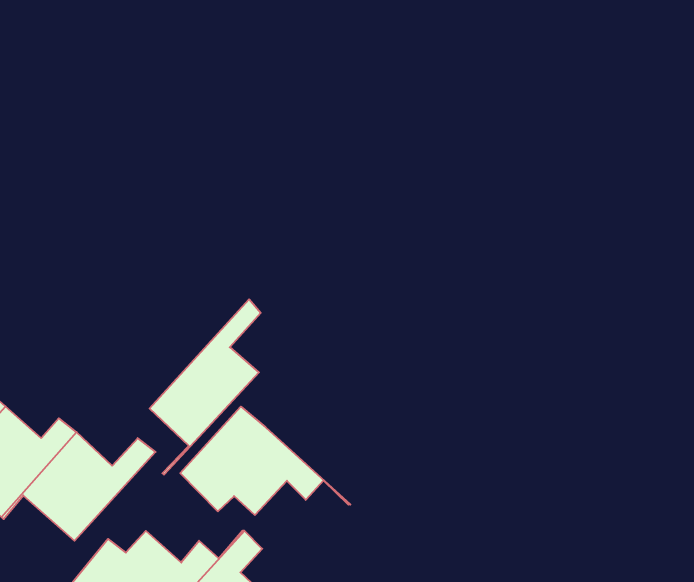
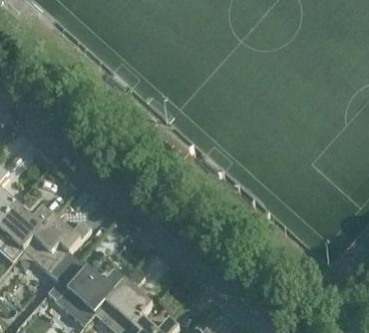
building: [150,299,261,475] -> none
building: [180,407,350,515] -> none

